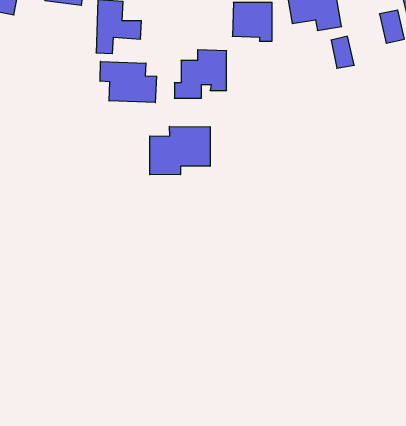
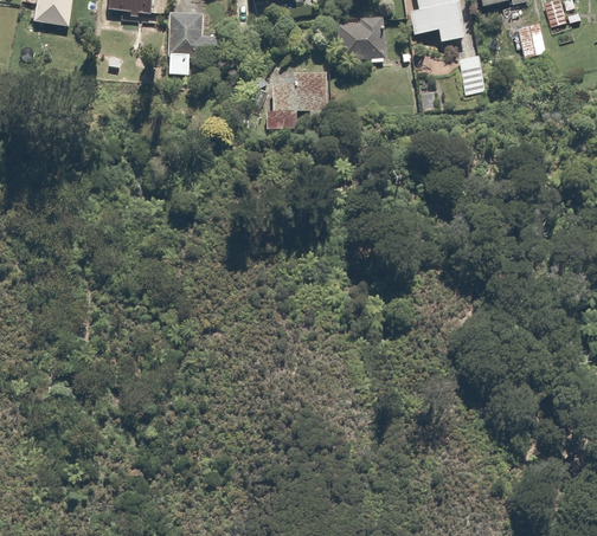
building: [100,61,157,103] -> none
building: [150,126,210,175] -> none

